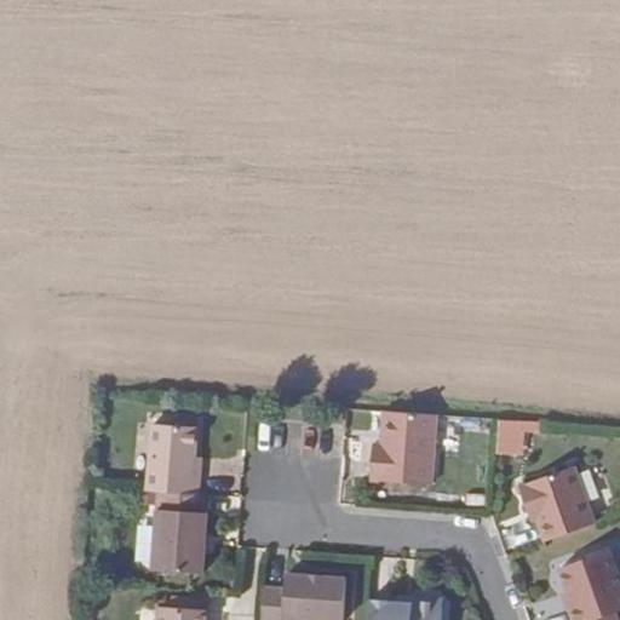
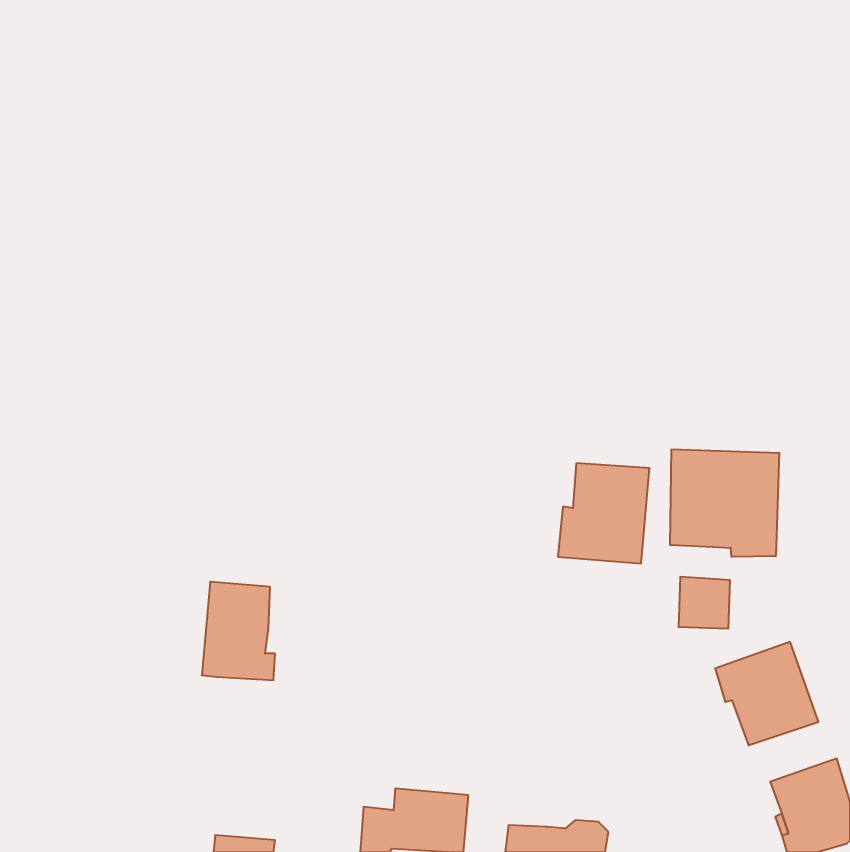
building: none -> [670,449,779,557]
building: [371,412,437,484] -> [558,463,650,563]
building: [154,492,207,572] -> none

